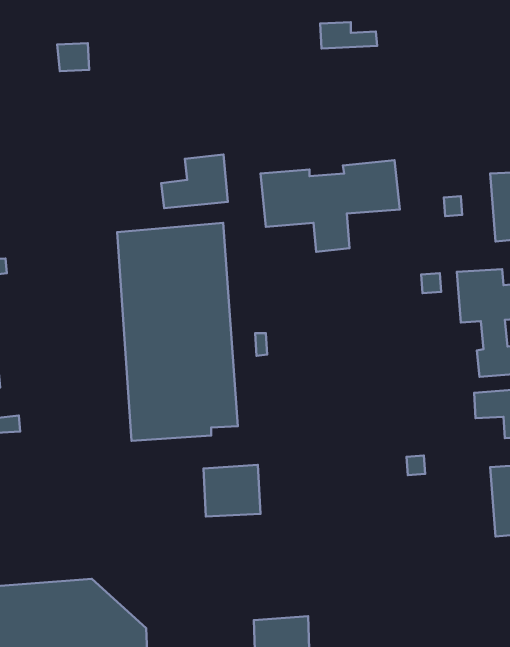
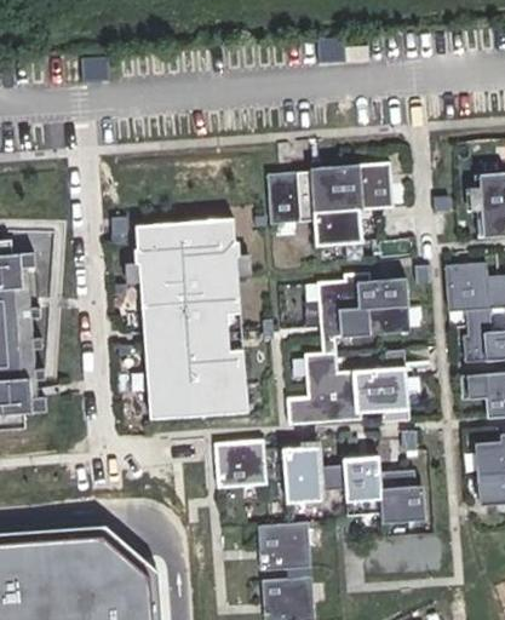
building: [161,154,228,208] -> none
building: none -> [286,272,411,425]
building: none -> [282,446,418,521]
building: none -> [258,522,311,570]

